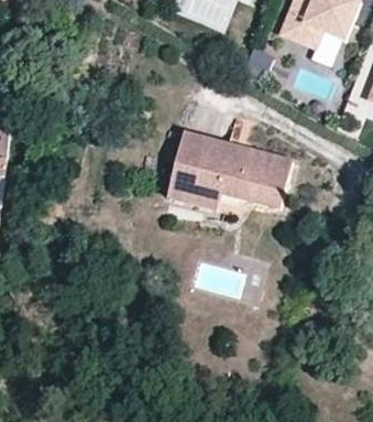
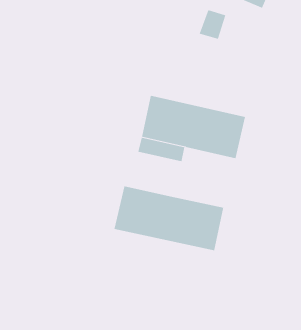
building: none -> [114,186,224,251]

